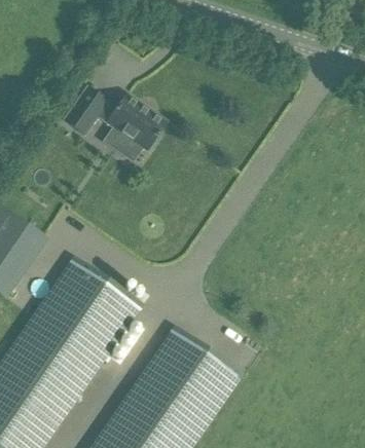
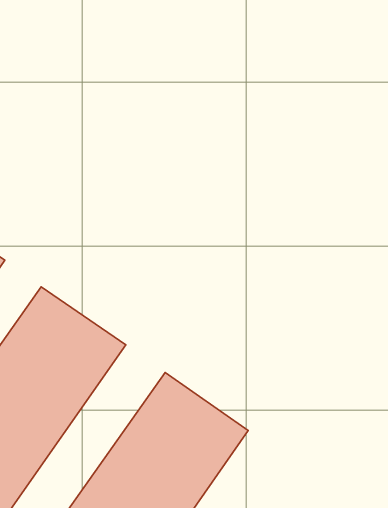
building: [61,92,165,155] -> none

